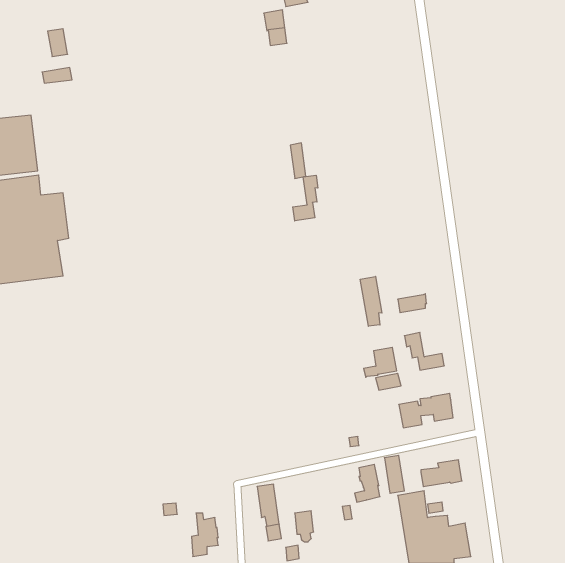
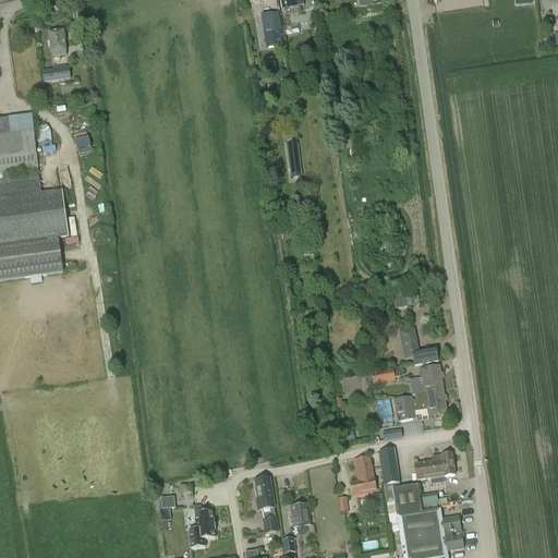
building: [293,175,318,221] -> none
building: [360,276,382,326] -> none
building: [364,347,397,377] -> [410,364,442,393]

